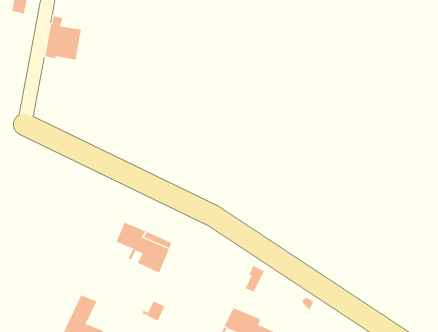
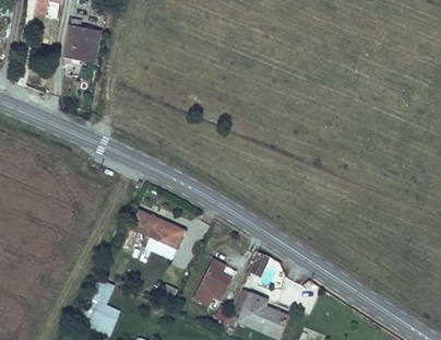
building: none -> [195,260,233,305]

